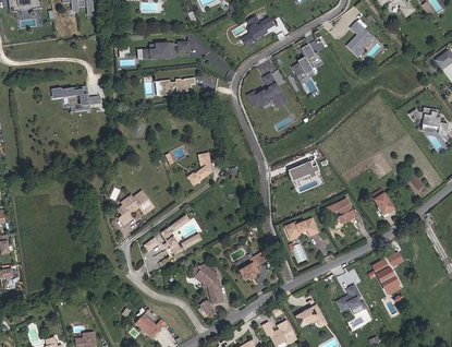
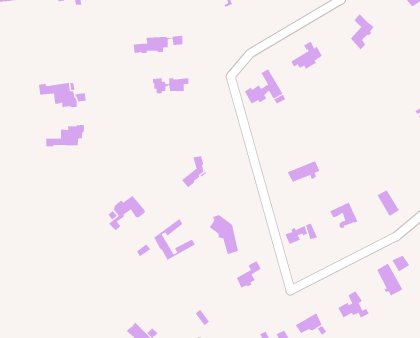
building: [242,15,273,46] -> none
building: none -> [46,124,85,147]
building: [195,265,223,303] -> [209,214,239,255]

